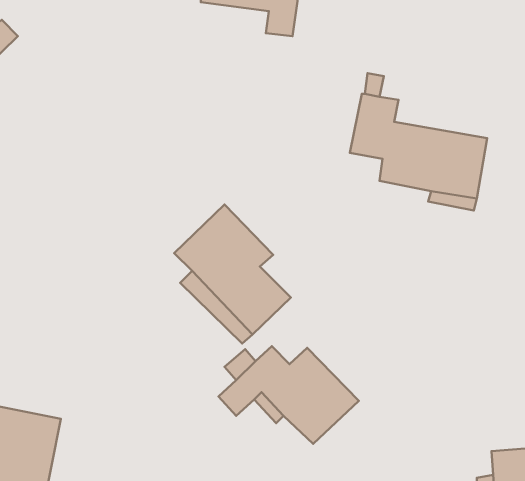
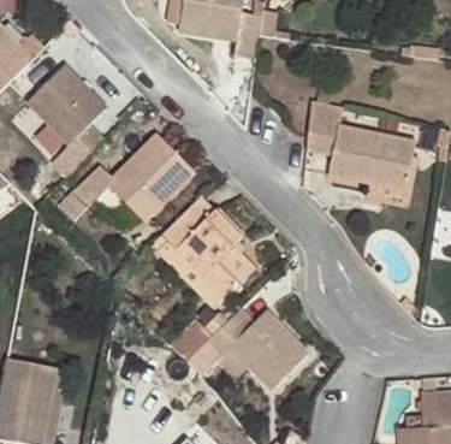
building: none -> [25,65,103,174]
building: none -> [59,135,190,219]

